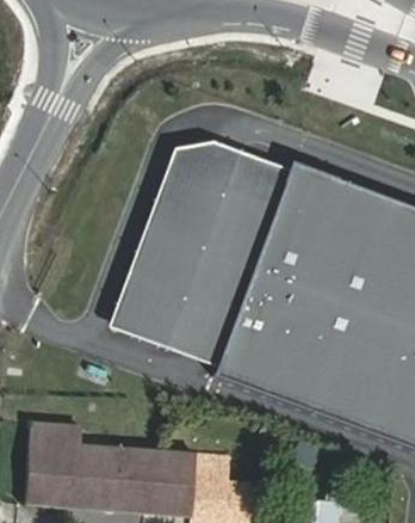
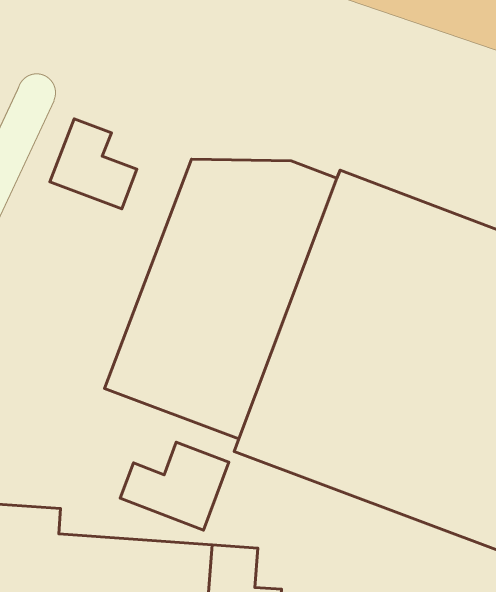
building: none -> [50,119,137,209]
building: none -> [120,442,229,530]

